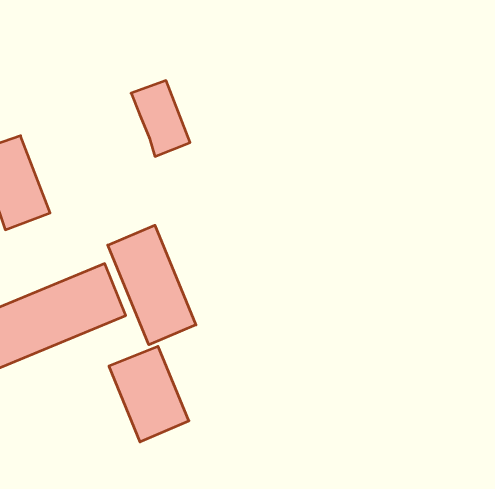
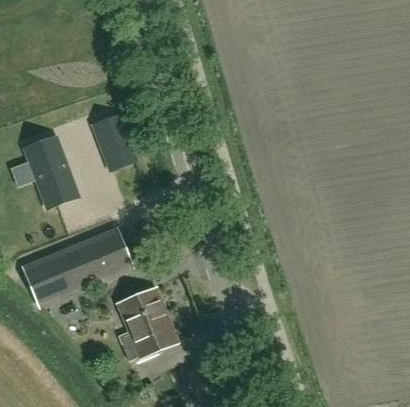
building: [131,81,190,156] -> [93,114,135,168]
building: [108,225,196,345] -> none

